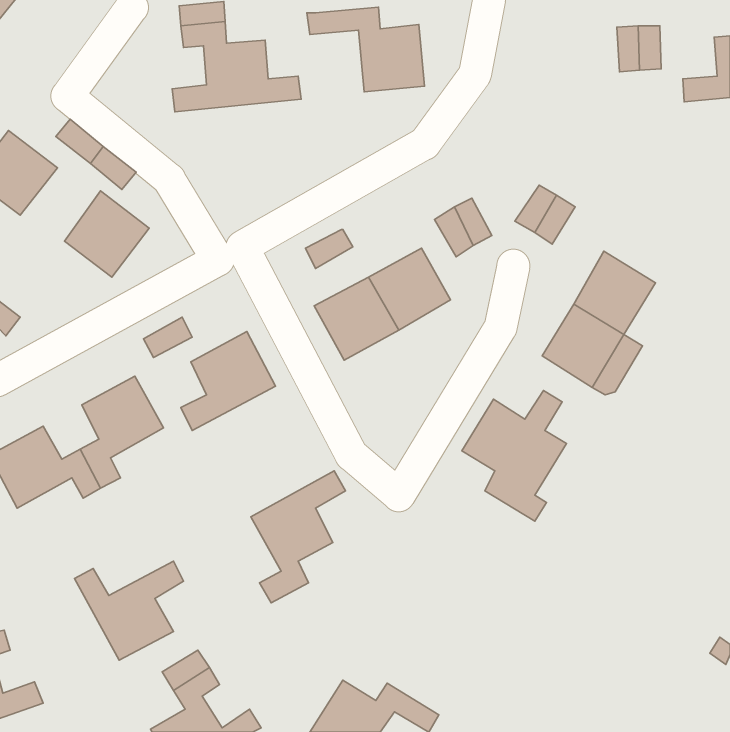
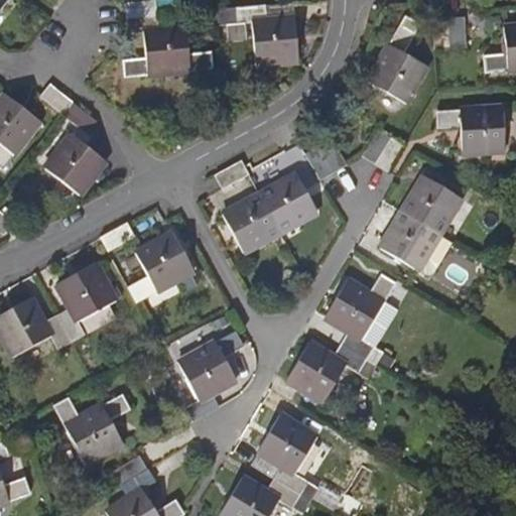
building: none -> [370,17,428,96]
building: none -> [436,108,504,155]
building: none -> [286,342,376,401]
building: none -> [256,417,316,502]

